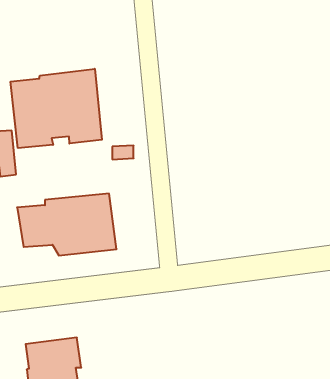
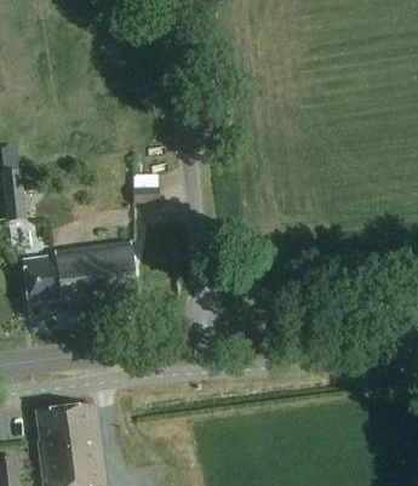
building: [11,69,102,148] -> none

